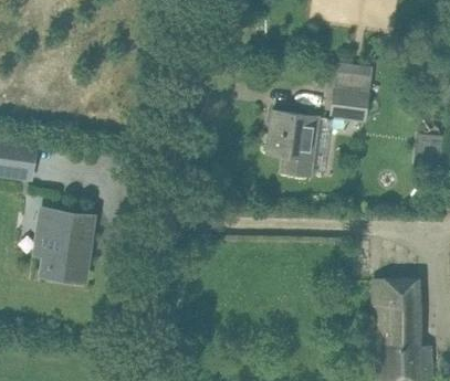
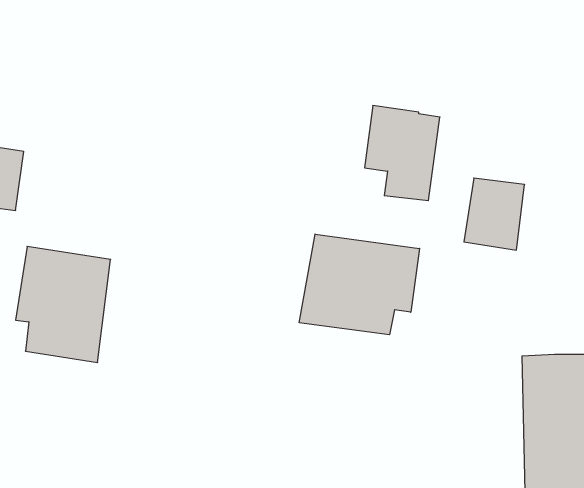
building: [331,73,371,121] -> [464,178,525,250]
building: none -> [299,234,420,335]

